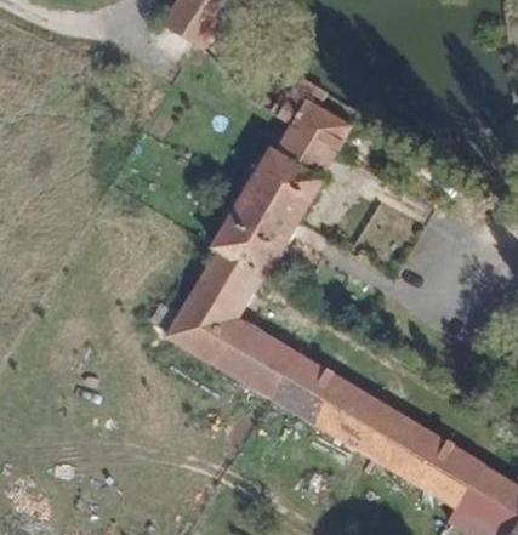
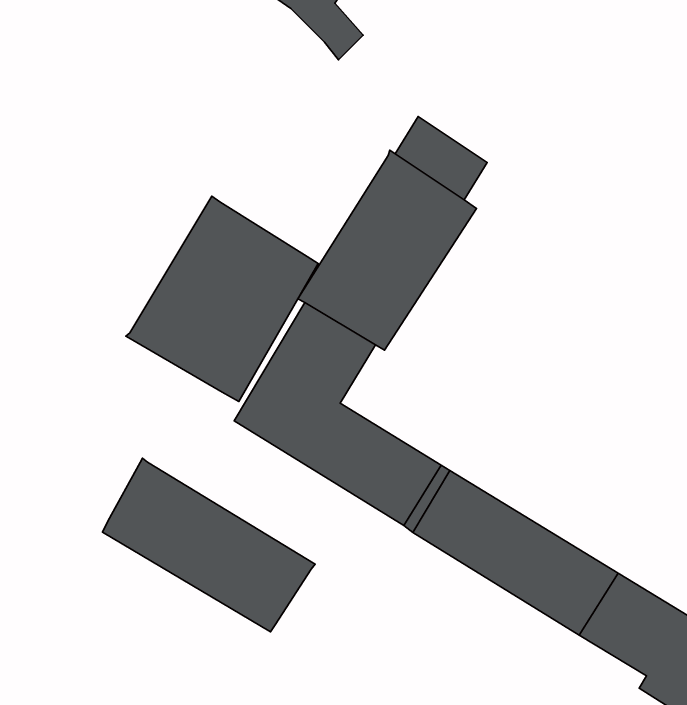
building: [277,85,355,152] -> none
building: none -> [126,196,318,401]
building: none -> [102,458,315,632]

